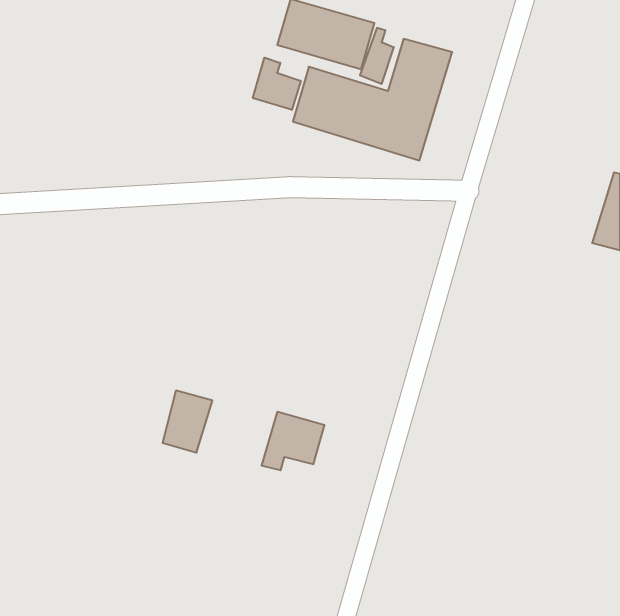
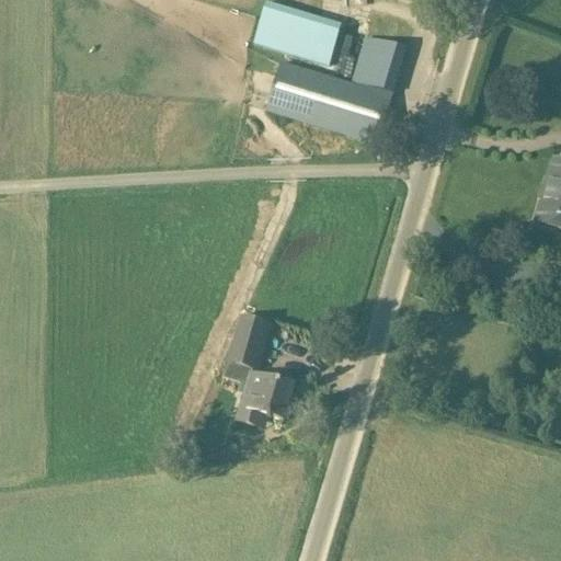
building: [253,58,301,110] -> none
building: [163,391,212,453] -> [227,314,272,370]

